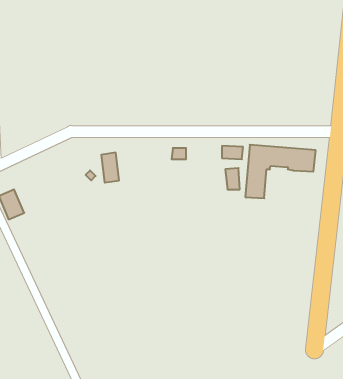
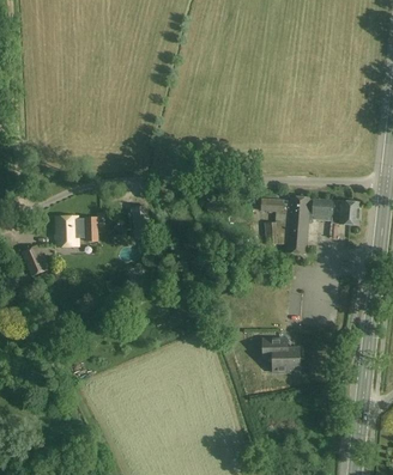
building: none -> [58,215,98,245]
building: none -> [264,339,300,372]

